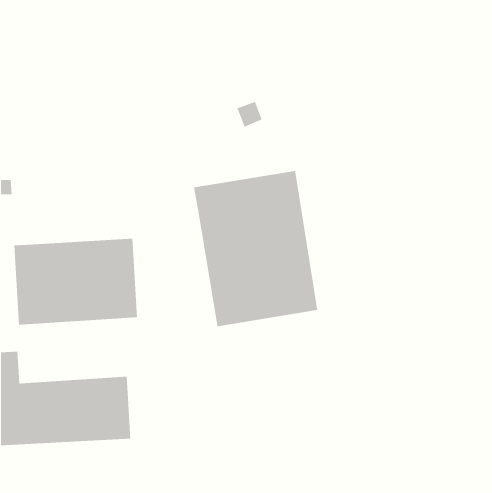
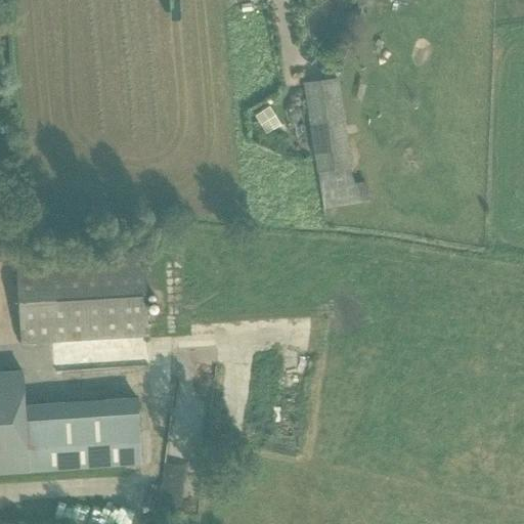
building: none -> [302,78,368,209]
building: [194,170,318,327] -> none

